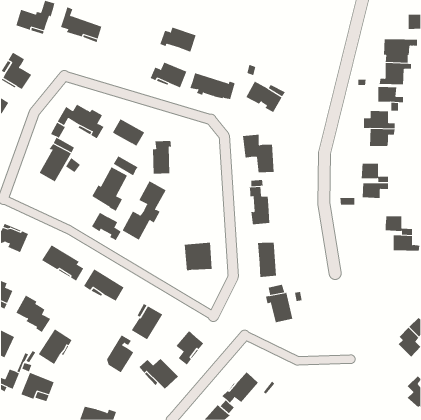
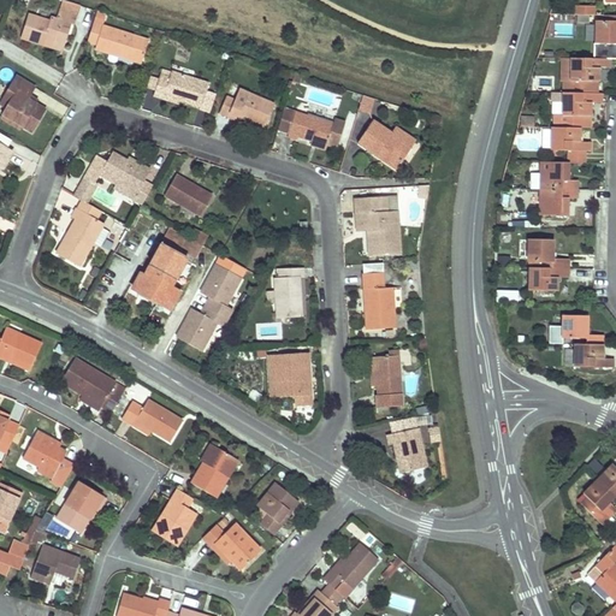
building: [160,27,197,53] -> [154,70,208,107]
building: [152,140,172,174] -> [276,267,304,316]
building: [91,212,122,241] -> none

